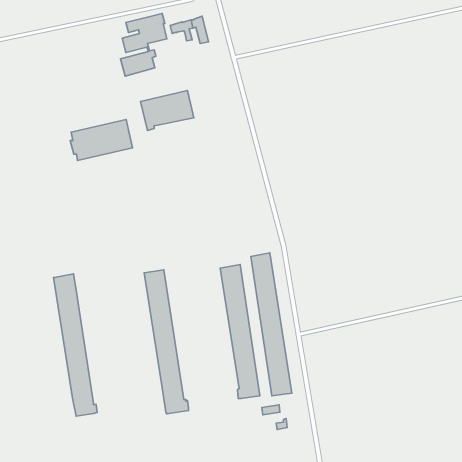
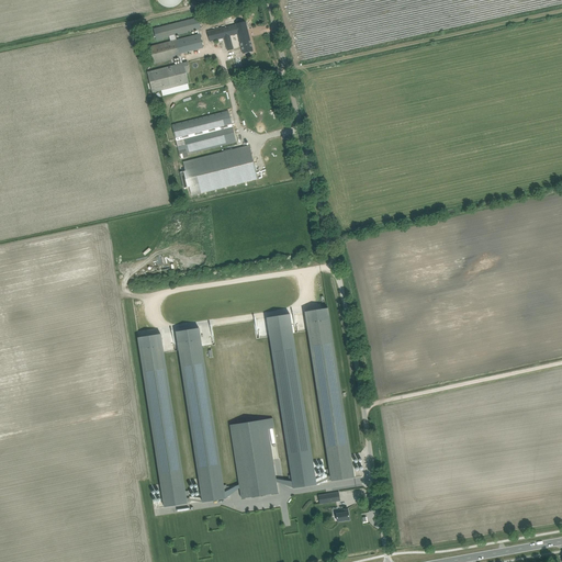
building: [70,120,133,160] -> [180,145,256,194]
building: [54,274,97,416] -> [136,333,189,505]
building: none -> [231,418,278,498]

